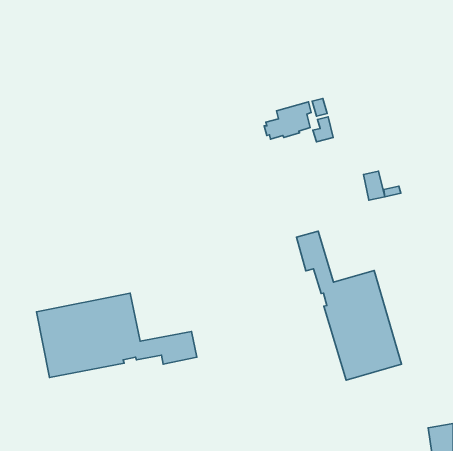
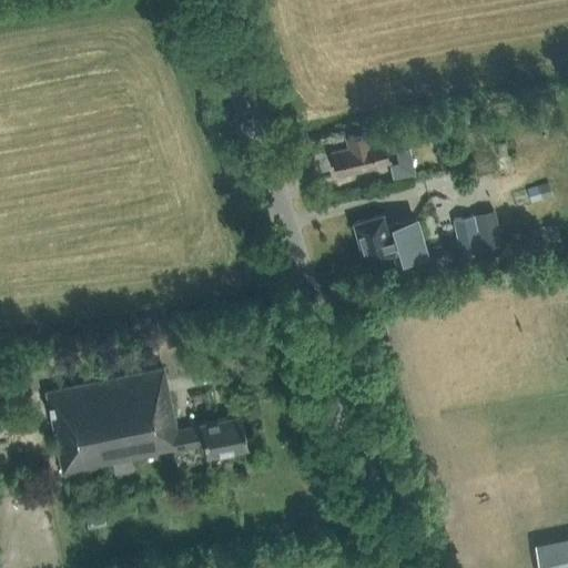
building: none -> [353,215,455,274]
building: [296,231,402,380] -> none

